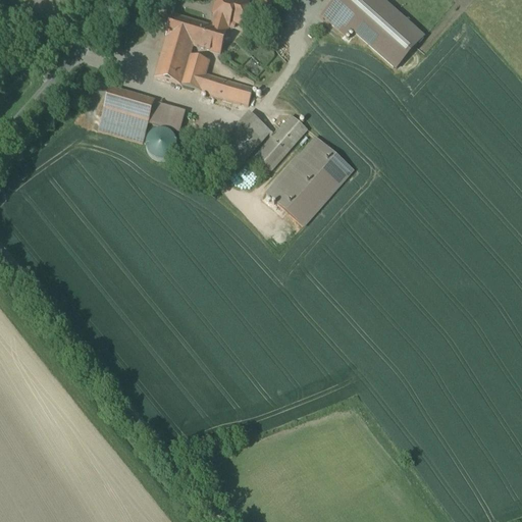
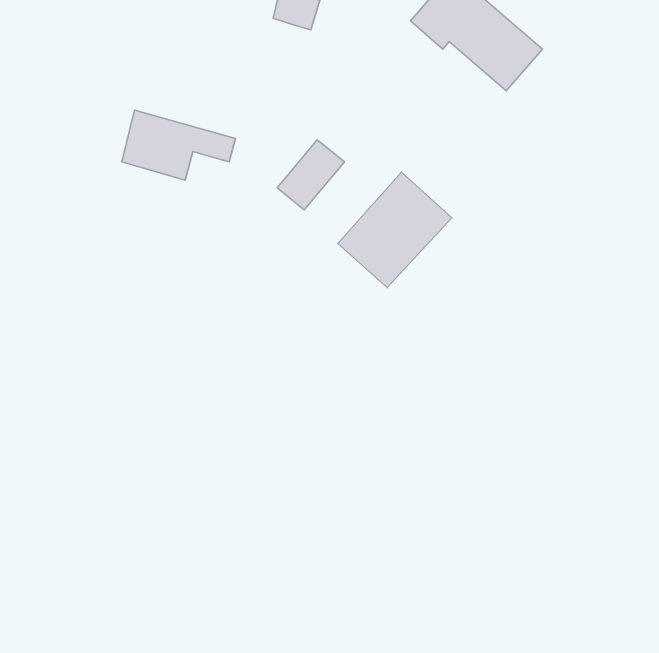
building: [155,12,256,102] -> none
building: [255,112,309,167] -> none
building: [150,127,177,154] -> none

